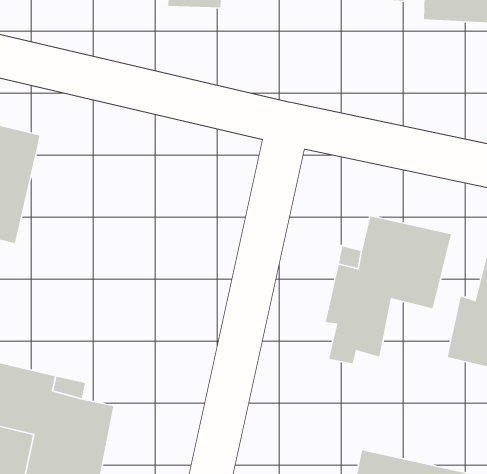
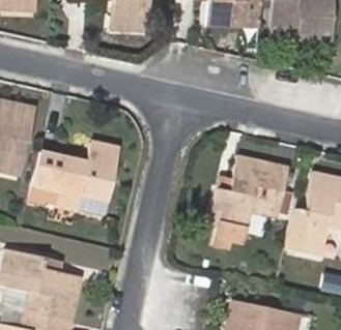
building: none -> [32,140,119,208]

